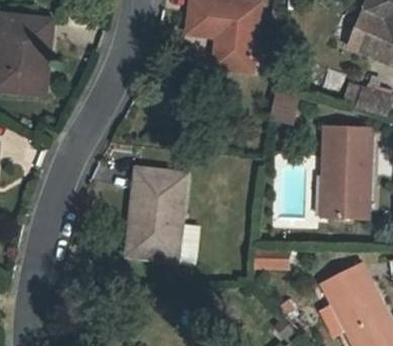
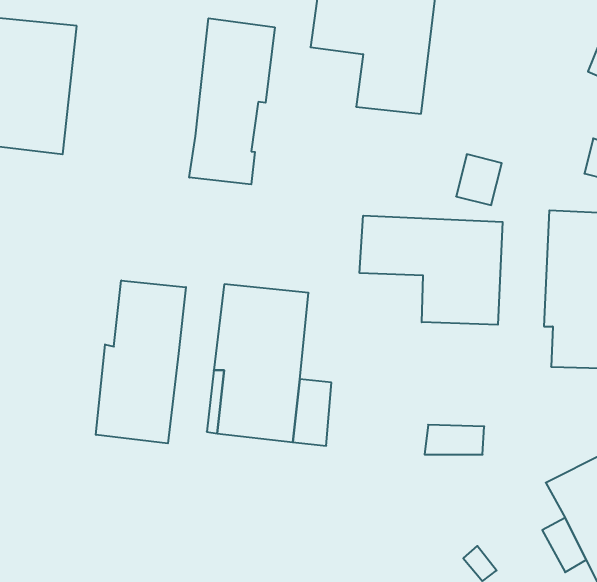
building: none -> [189,18,275,184]
building: none -> [360,216,503,325]
building: none -> [96,280,186,443]

